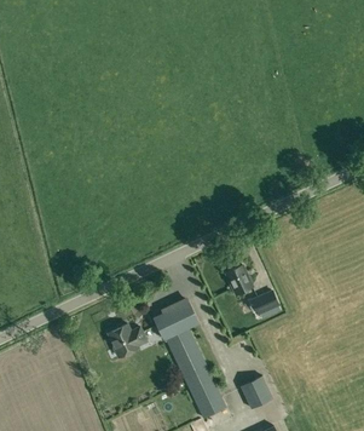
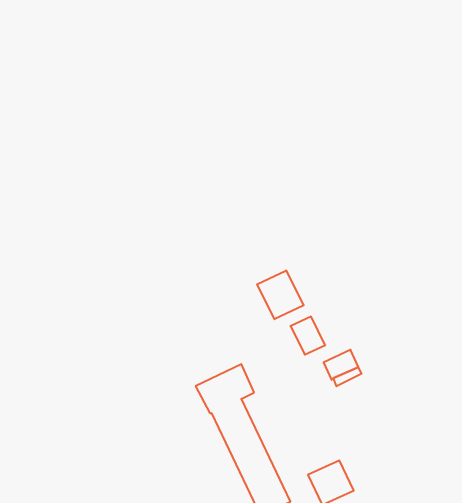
building: none -> [257,270,304,319]
building: [108,324,148,357] -> none

